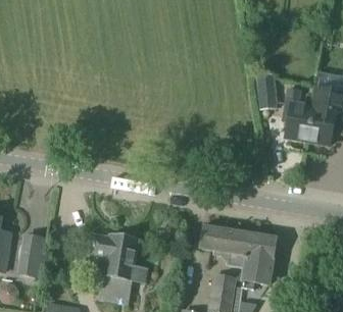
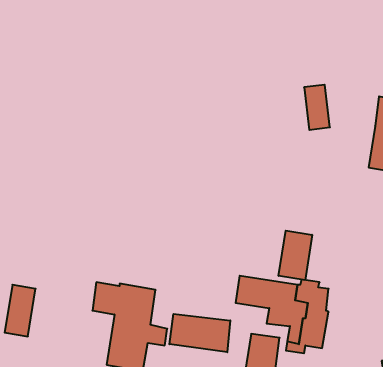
building: [285,89,312,141] -> none
building: none -> [279,231,312,280]
building: none -> [169,314,230,352]

